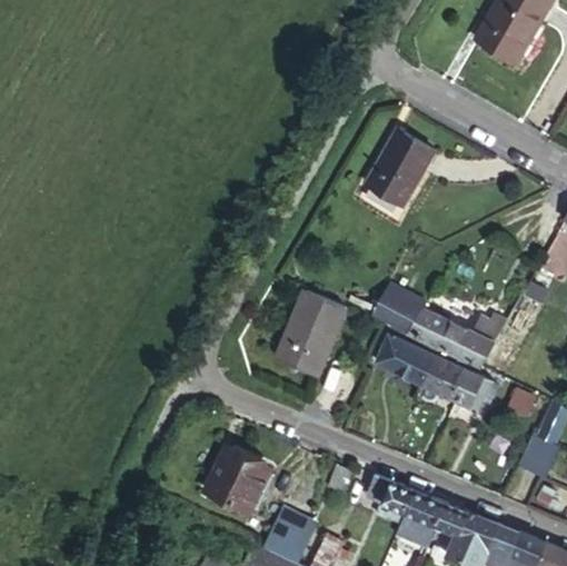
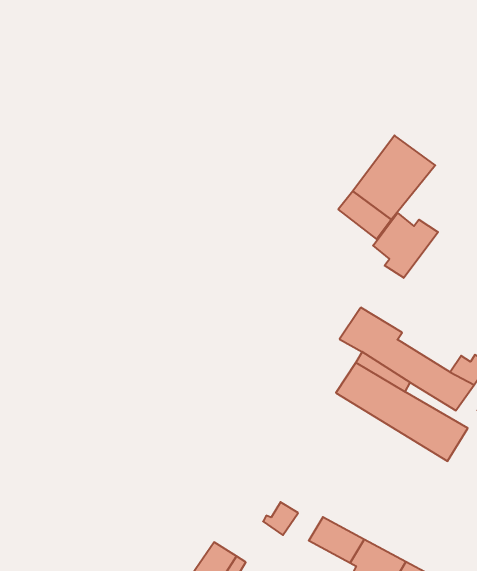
building: none -> [373,213,438,278]
building: [272,285,345,369] -> none
building: [206,444,269,507] -> none

